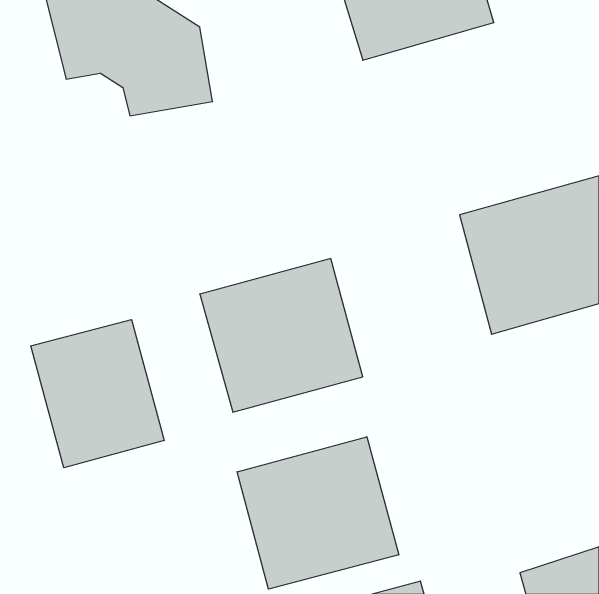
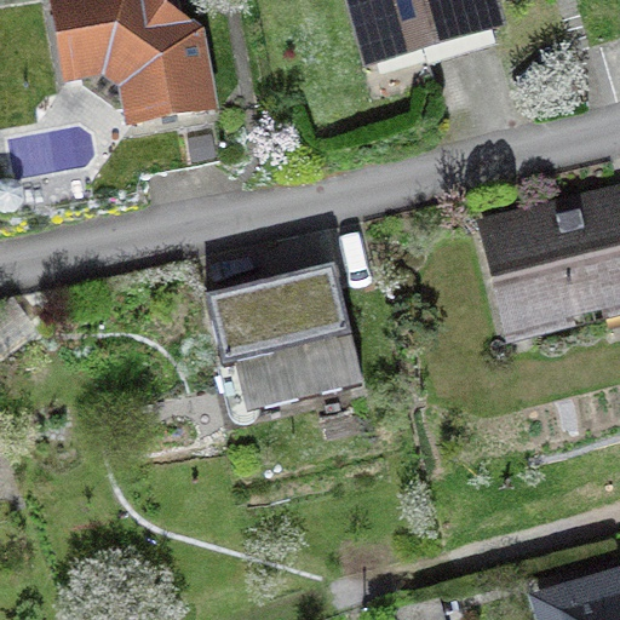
building: [31,320,164,468] -> none
building: [237,437,399,589] -> none

